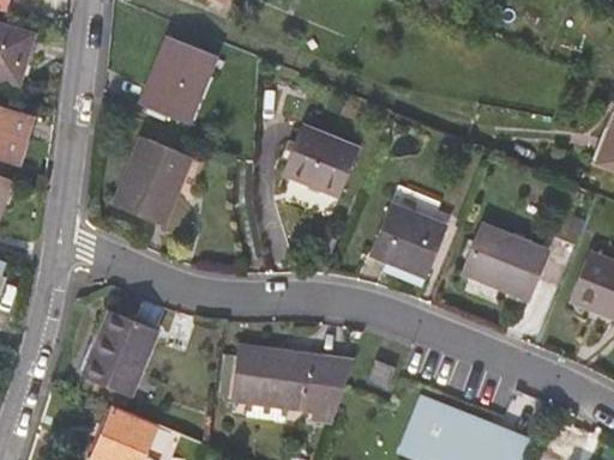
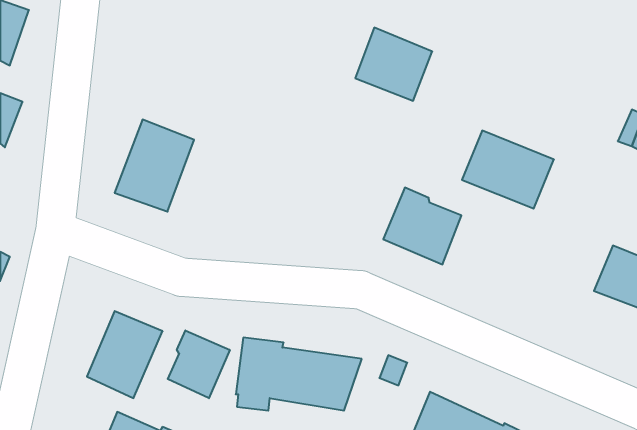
building: [140,32,213,120] -> none
building: [282,123,355,193] -> [355,28,432,101]
building: [462,220,549,295] -> [462,131,554,209]
building: none -> [168,330,230,398]

